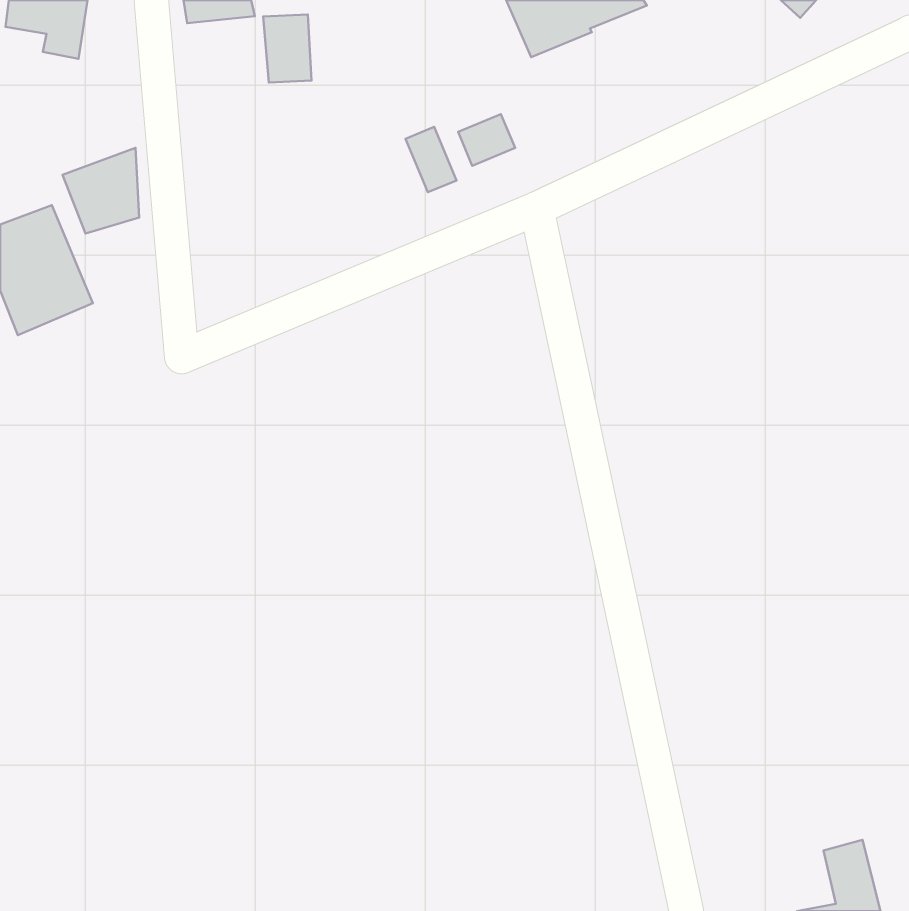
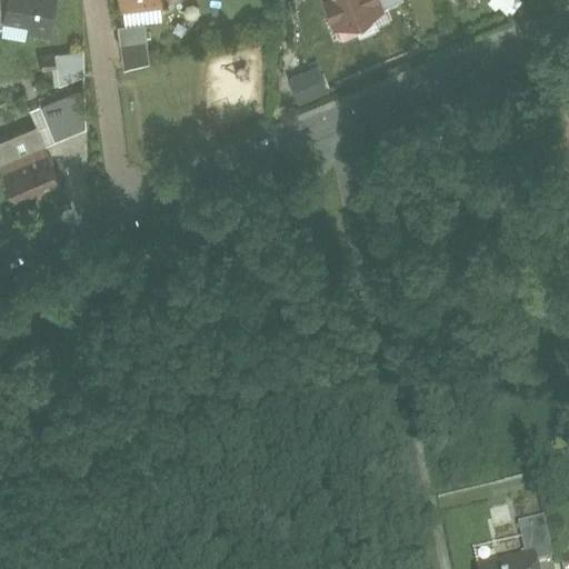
building: [263,15,311,82] -> [117,21,147,63]
building: none -> [52,49,82,78]
building: [405,127,457,192] -> none

